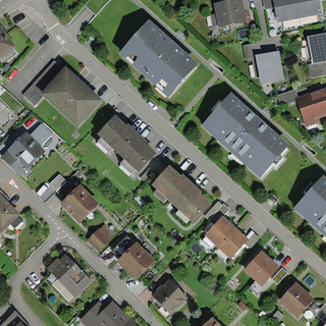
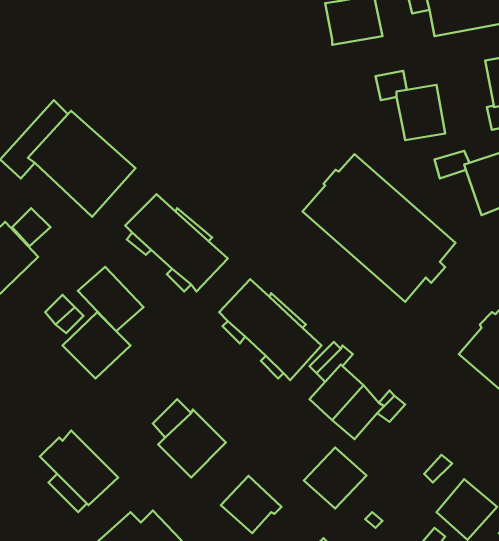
building: [117,18,198,97] -> none
building: none -> [78,267,143,331]
building: [86,223,115,253] -> none
building: [242,251,279,286] -> [304,448,366,508]

